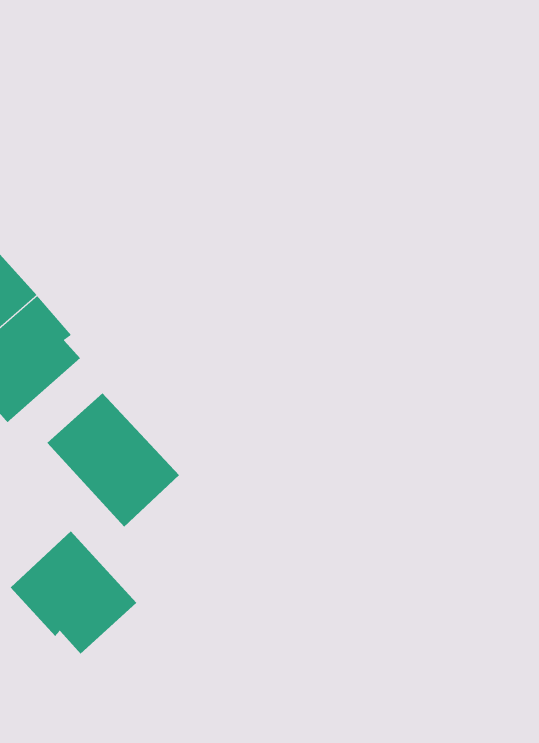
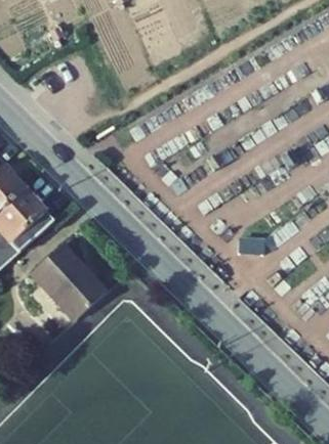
building: [10,531,137,654] -> none

